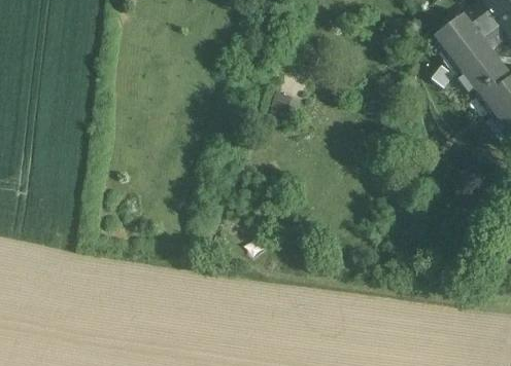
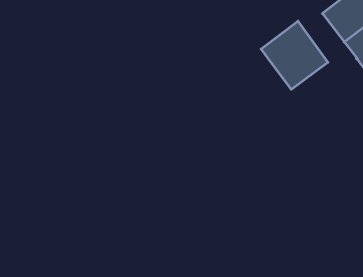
building: none -> [261,21,328,89]

